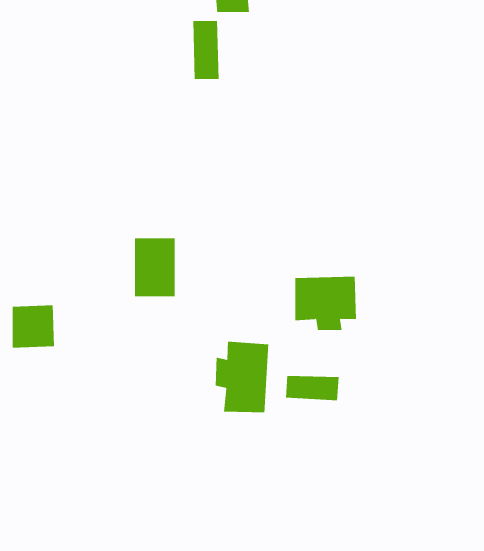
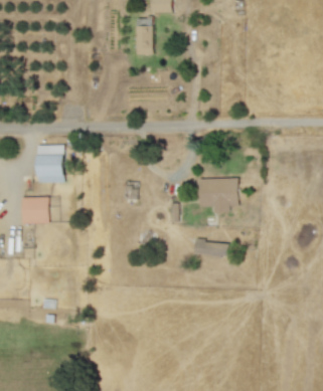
building: [134,238,176,297] -> [36,145,62,182]
building: [215,341,269,413] -> none

